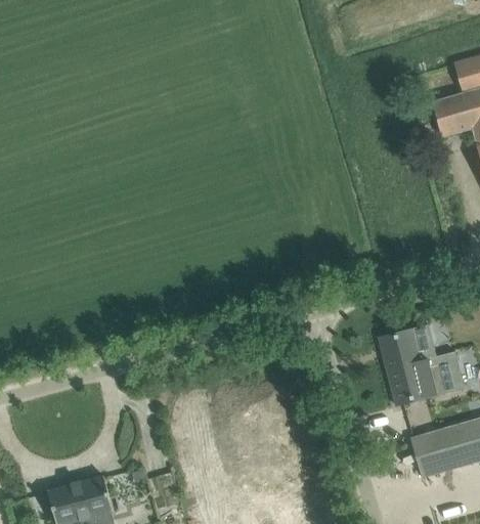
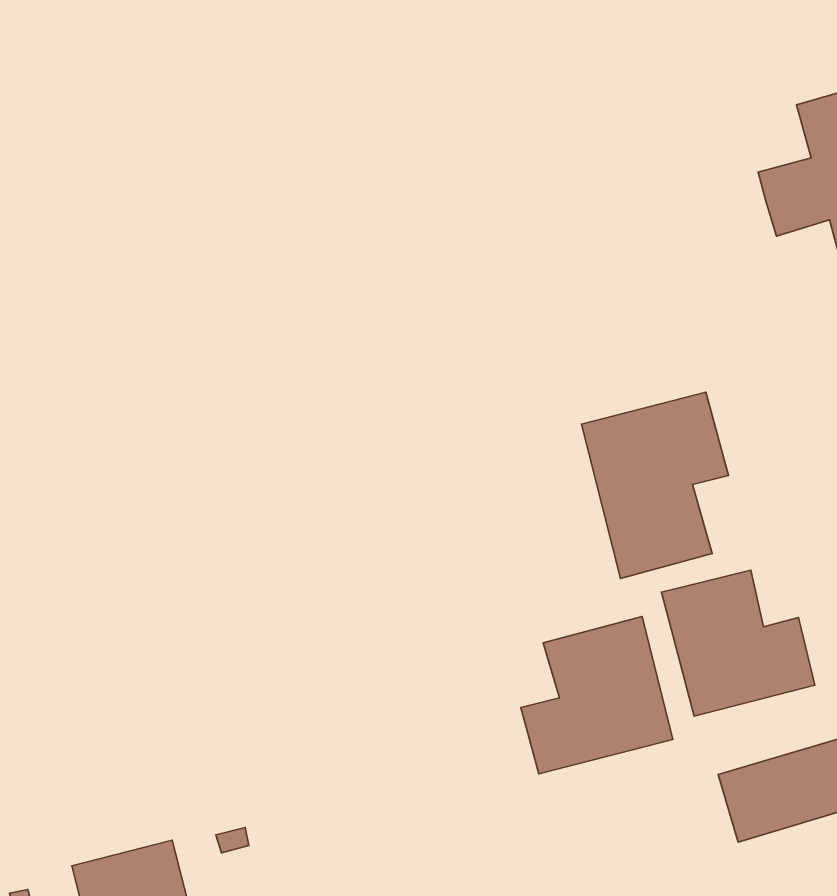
building: none -> [581,392,728,579]
building: none -> [521,616,673,774]

